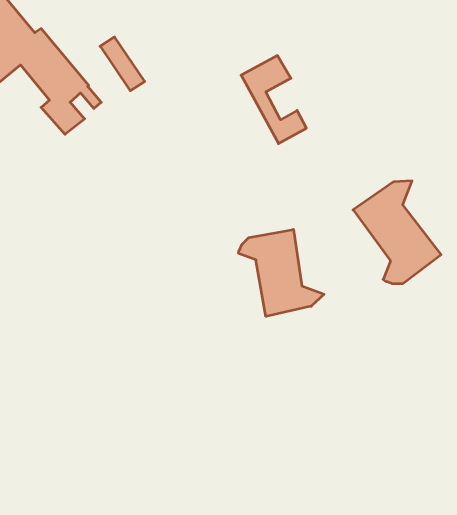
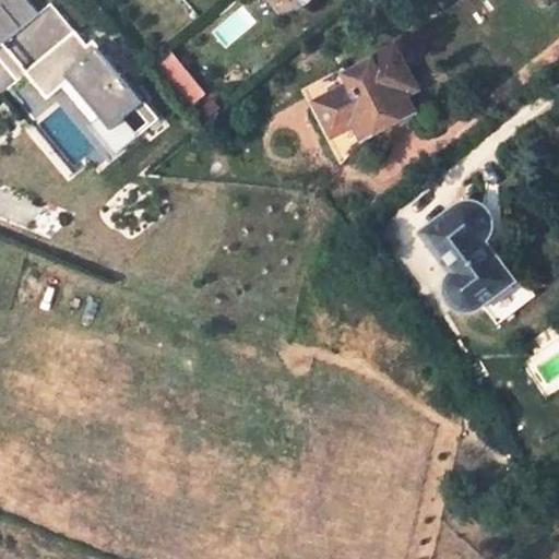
building: none -> [328,49,424,144]
building: [239,229,324,316] -> none

